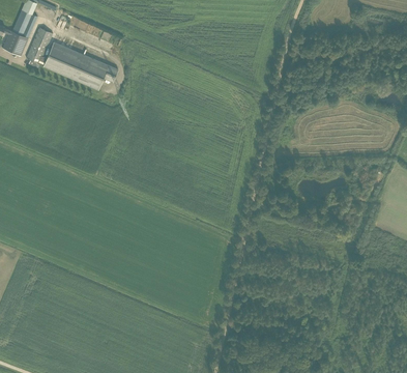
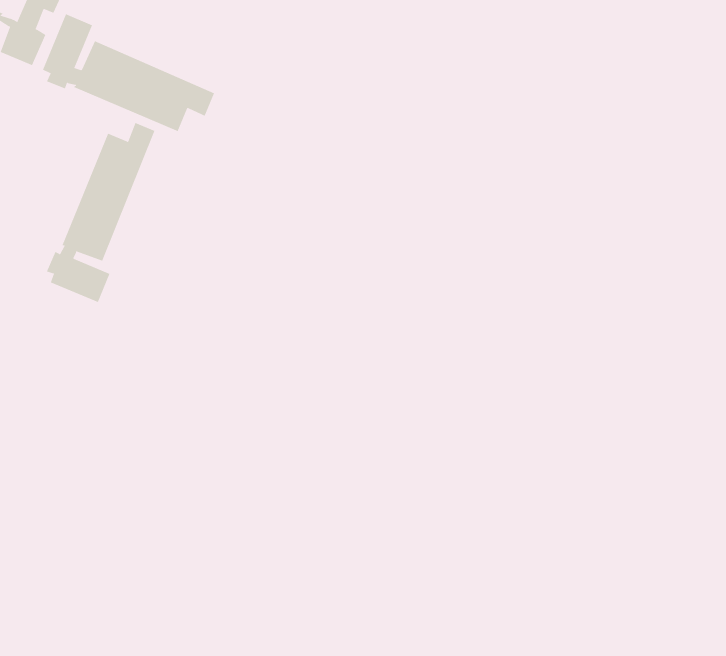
building: none -> [46,122,155,303]

